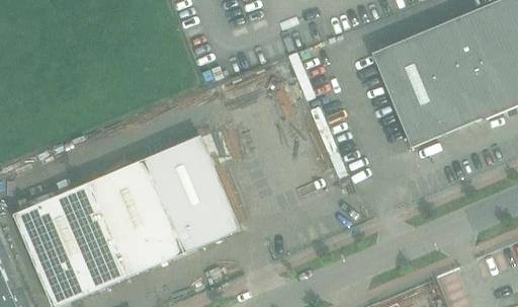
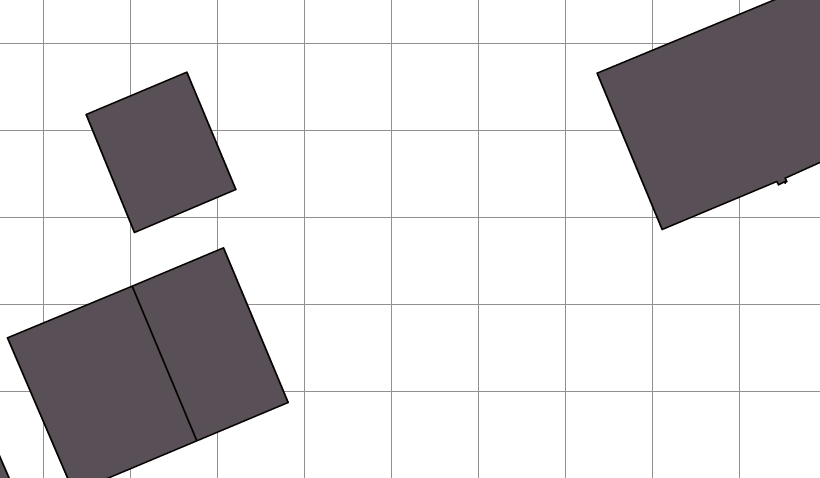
building: none -> [86,72,236,233]
building: [145,134,241,252] -> none

